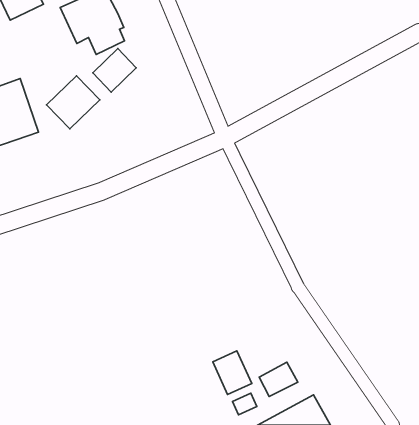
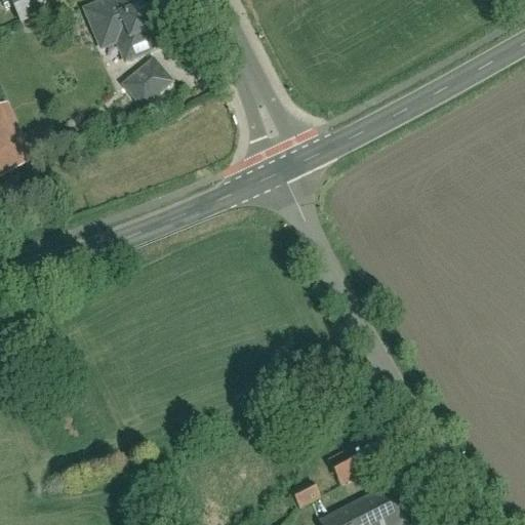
building: [46,76,100,129] -> none
building: [213,351,252,395] -> none

